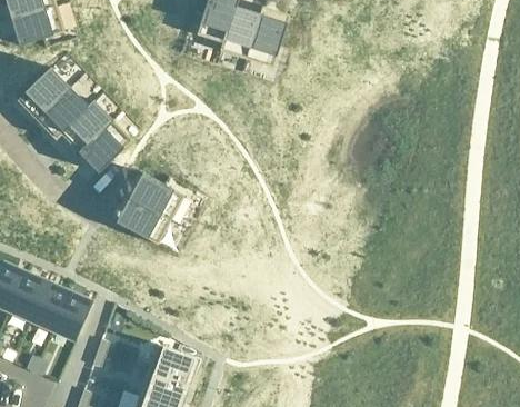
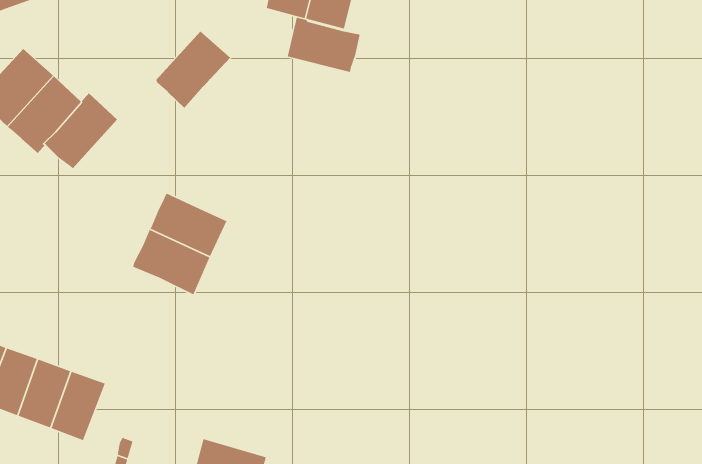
building: none -> [287,17,361,73]
building: [74,118,128,171] -> [155,30,231,109]

